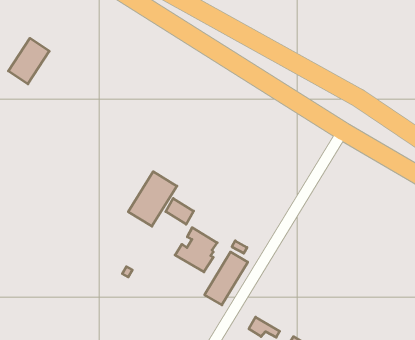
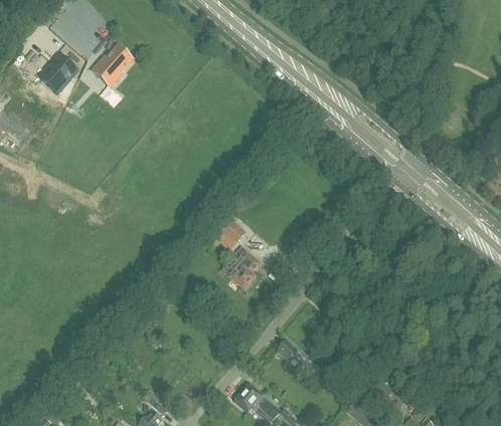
building: [128,172,177,226] -> none
building: [205,252,248,305] -> none

